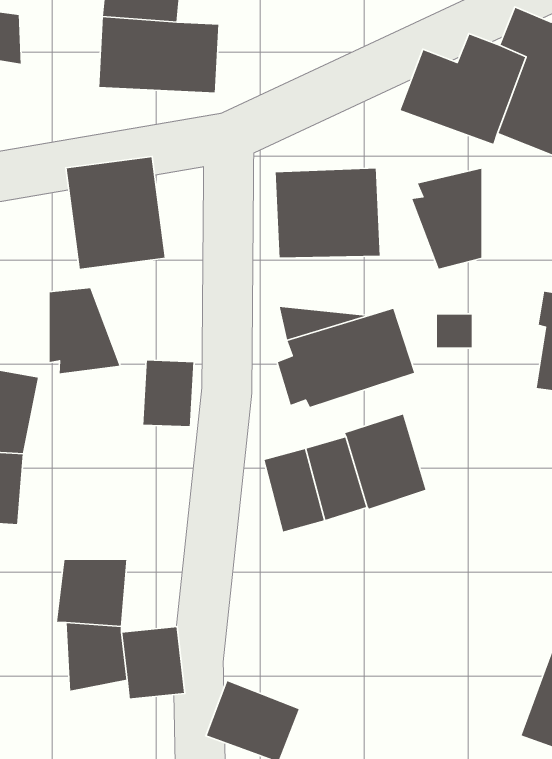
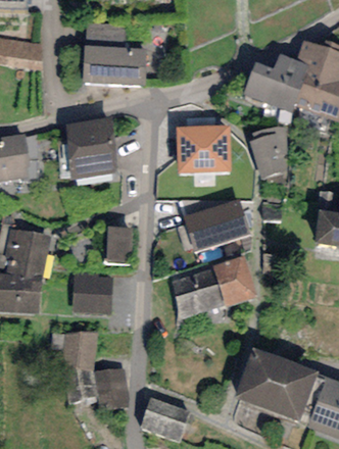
building: [49,287,121,374] -> none
building: none -> [71,273,111,315]
building: none -> [233,346,319,421]

